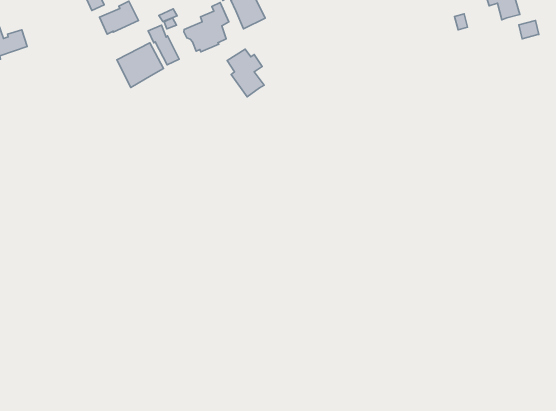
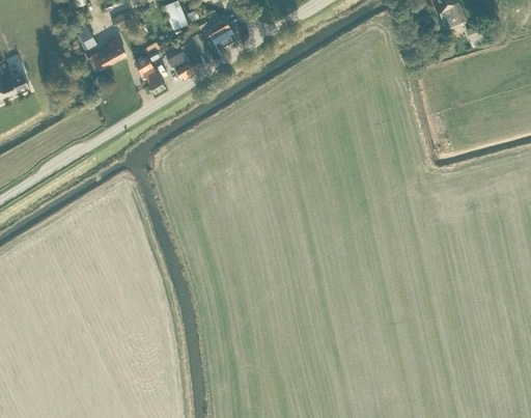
building: [117,43,163,87] -> none
building: [227,49,264,97] -> none

